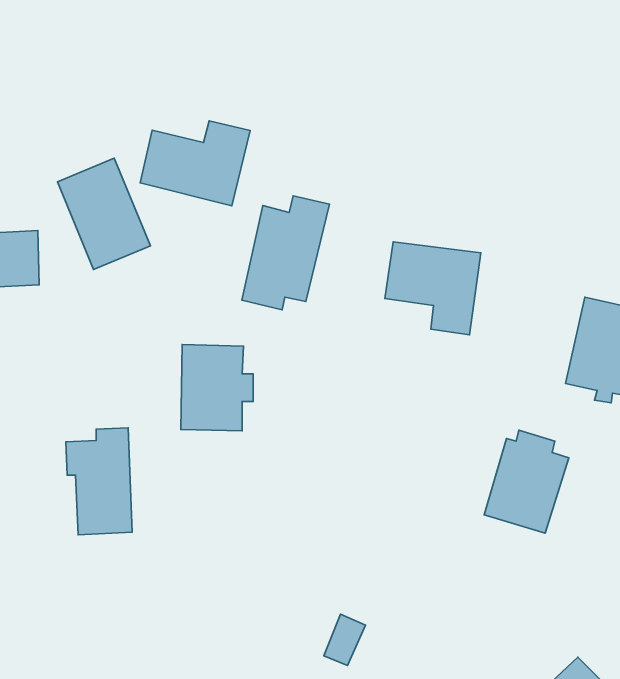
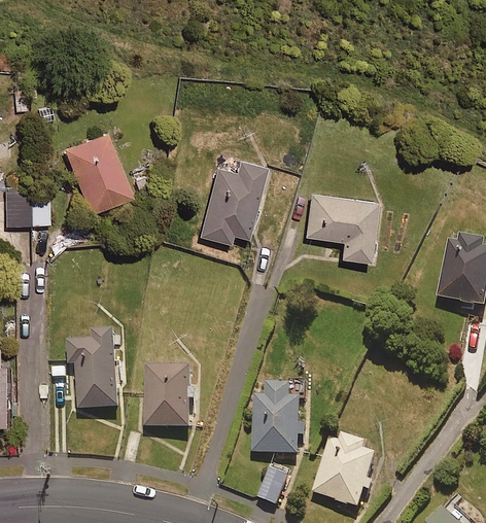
building: [140,121,250,206] -> none
building: [181,345,253,431] -> [144,365,198,429]
building: [484,430,569,533] -> [313,432,376,509]
building: none -> [252,383,305,457]

